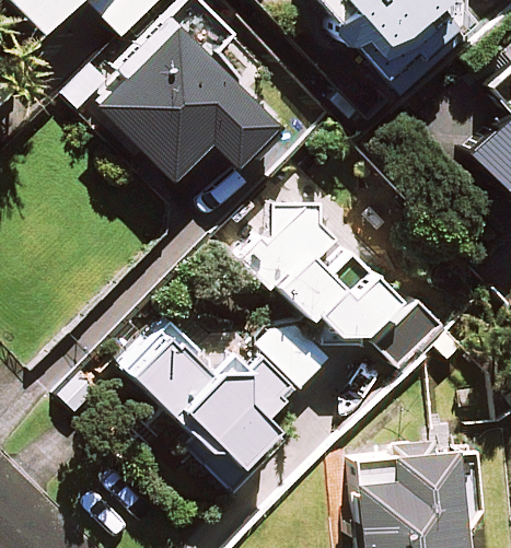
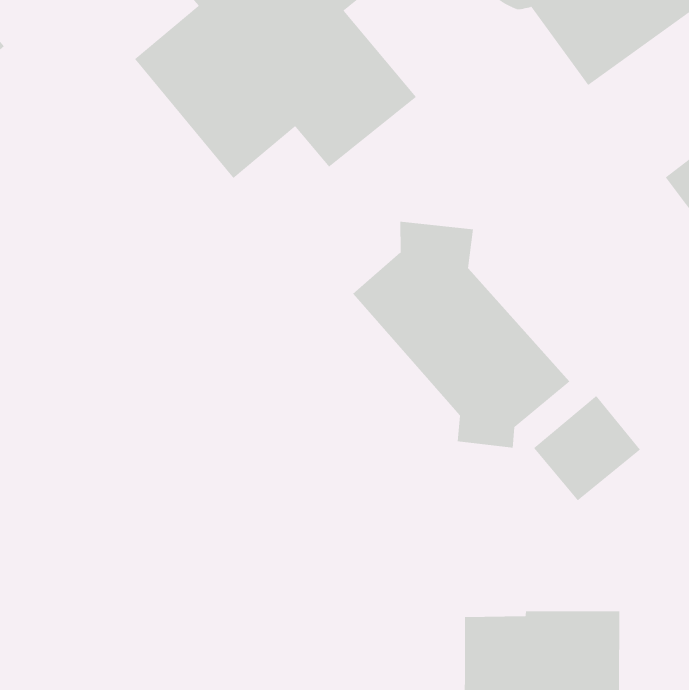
building: [129,312,327,486] -> none

